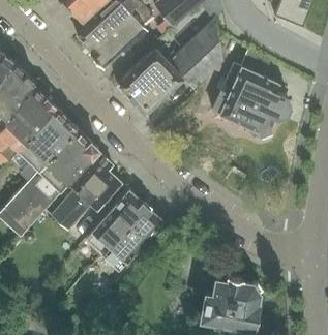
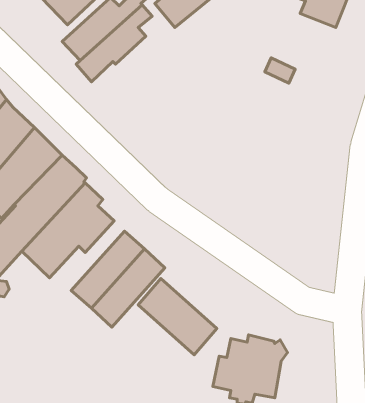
building: [115,18,220,114] -> none
building: [212,66,288,135] -> none
building: none -> [138,279,217,355]

